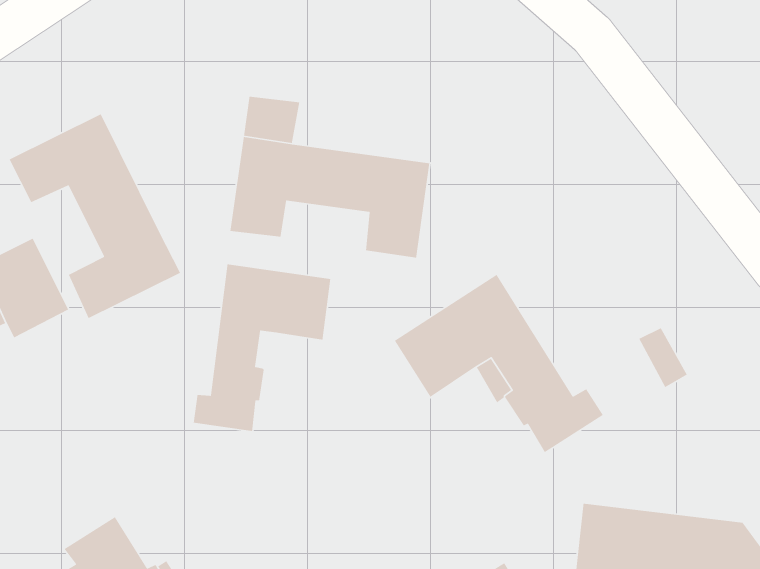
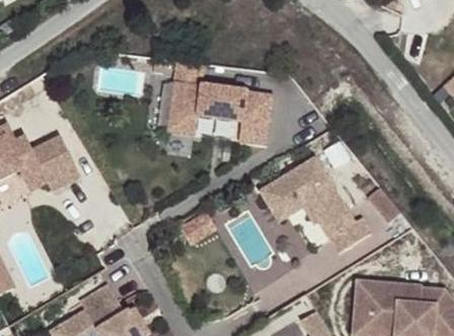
building: [8,113,181,319] -> none
building: [193,264,331,432] -> none

